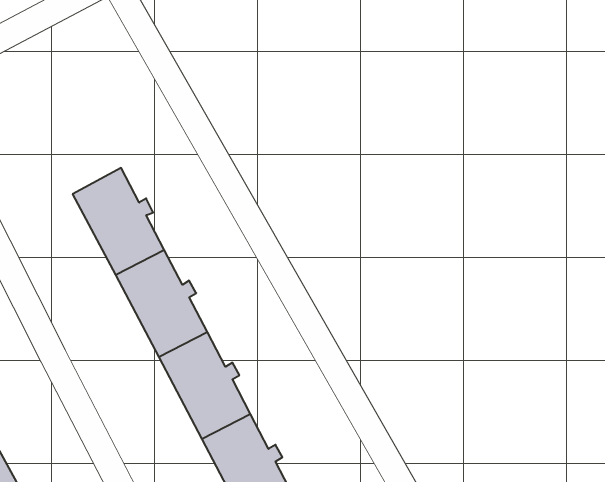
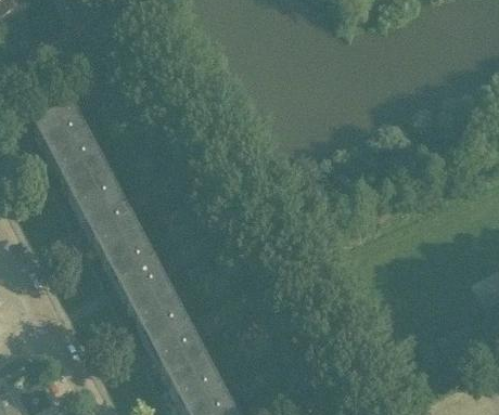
building: none -> [37,105,108,190]

